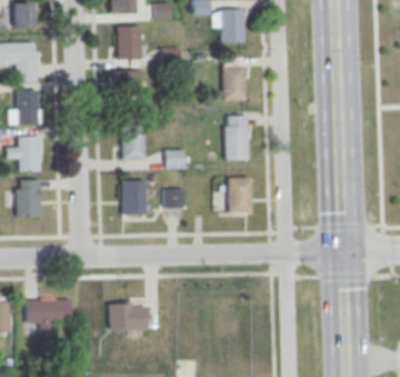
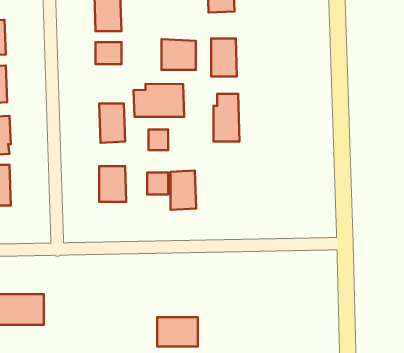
building: none -> [161,39,196,70]
building: none -> [134,84,184,117]
building: [229,178,252,214] -> [170,170,196,210]
building: [111,302,148,329] -> [157,317,198,347]

